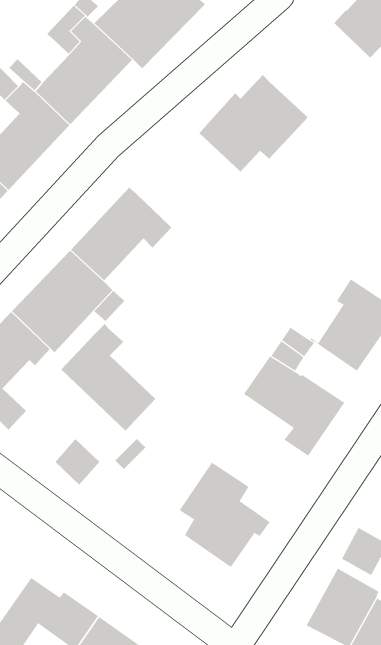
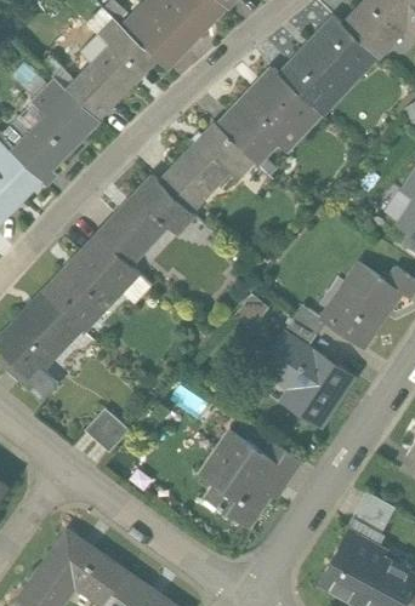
building: none -> [284,17,375,110]
building: none -> [160,124,255,213]
building: [61,323,156,432] -> none
building: none -> [256,442,301,487]

